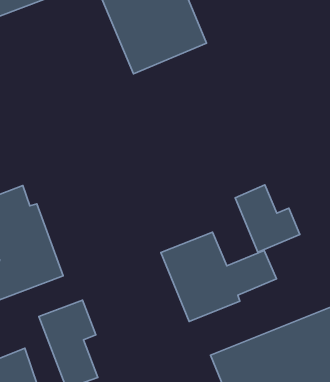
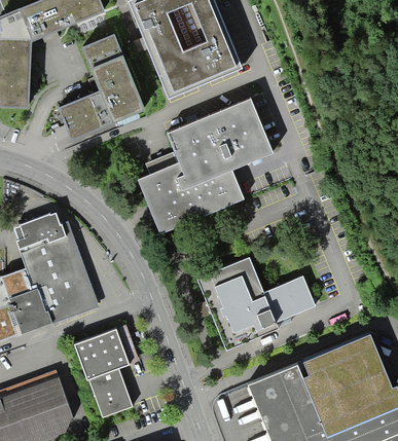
building: none -> [59,33,145,139]
building: none -> [138,98,274,232]
building: [235,185,300,252] -> none

